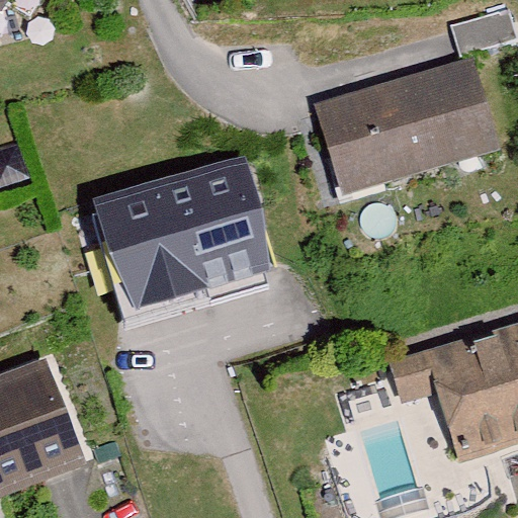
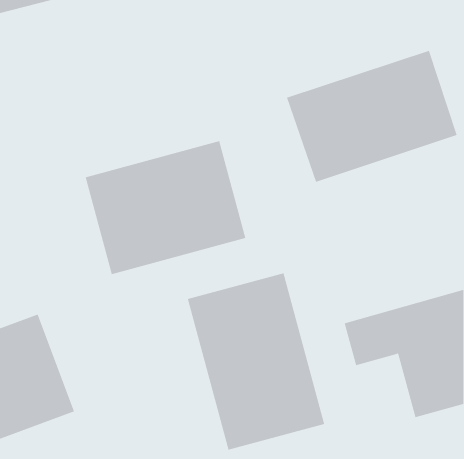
building: none -> [187,273,325,451]

